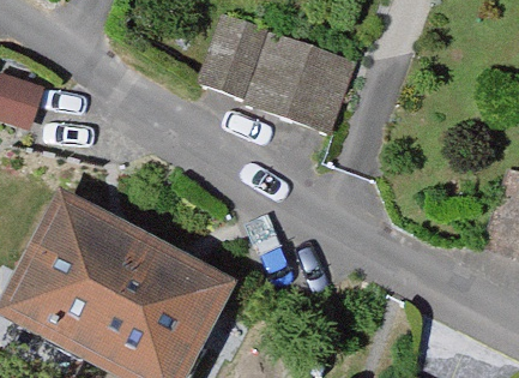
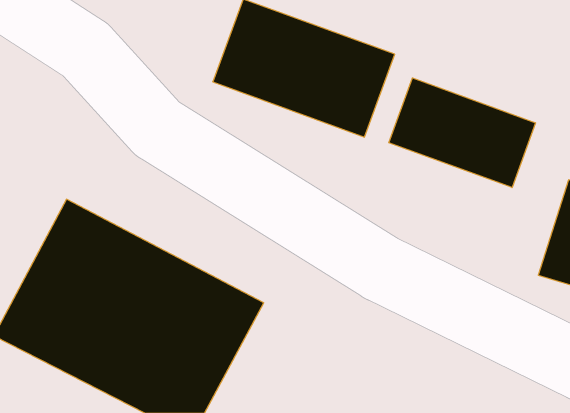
building: none -> [389,78,535,188]

